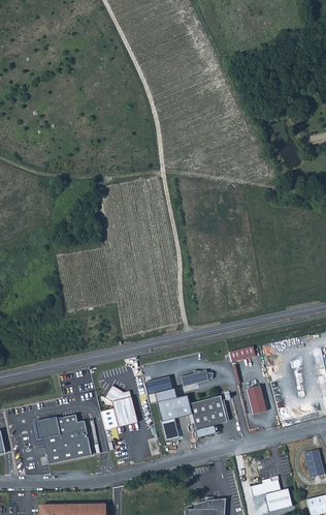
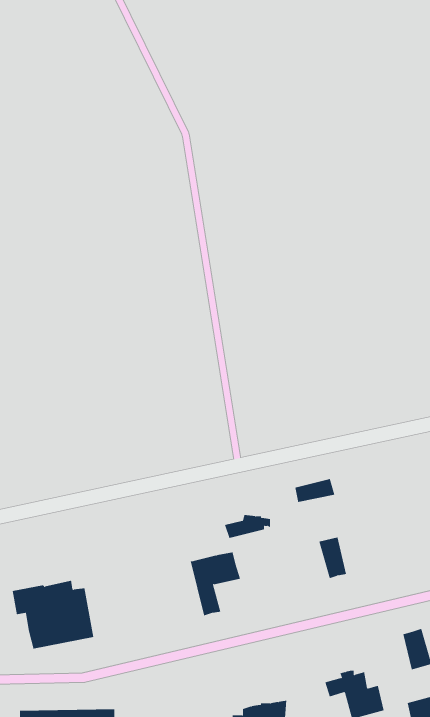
building: [143,376,175,402] -> none
building: [101,387,137,430] -> none
building: [189,396,227,437] -> none

